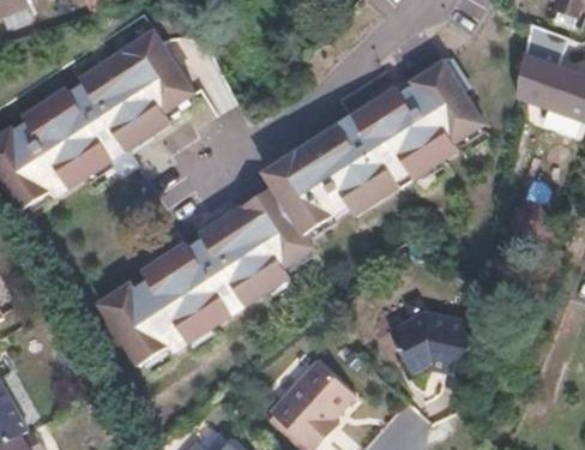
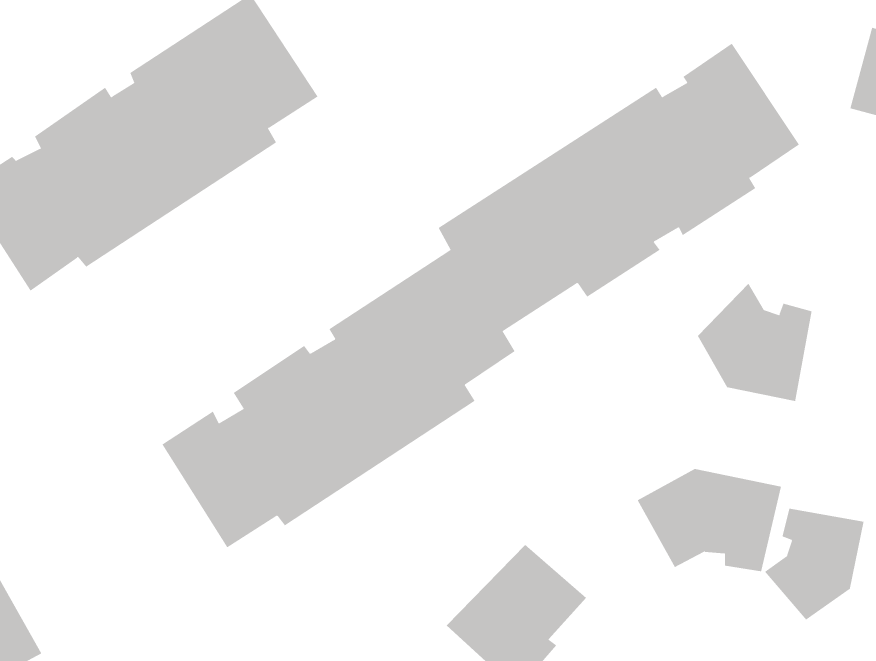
building: none -> [697,283,812,402]
building: none -> [764,508,864,620]

